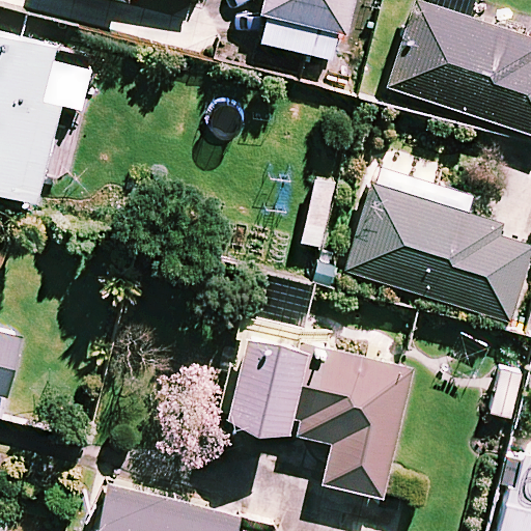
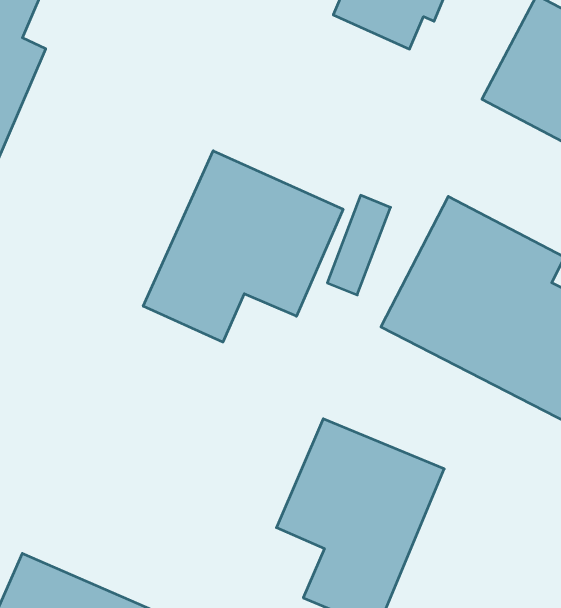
building: none -> [143,151,343,342]
building: [222,332,306,432] -> none

